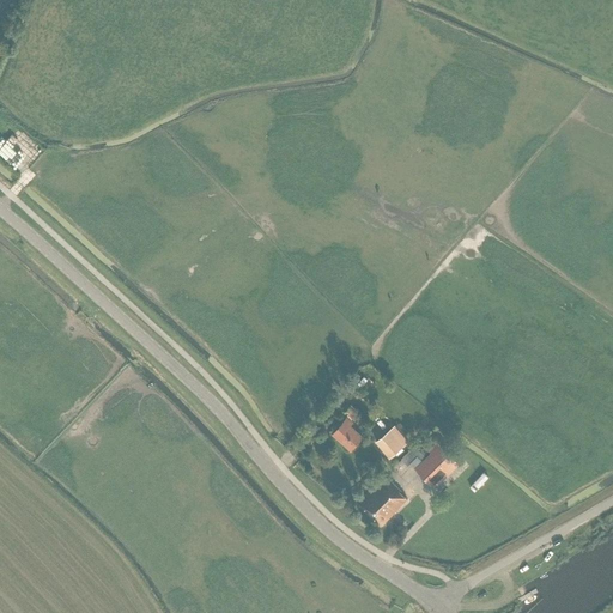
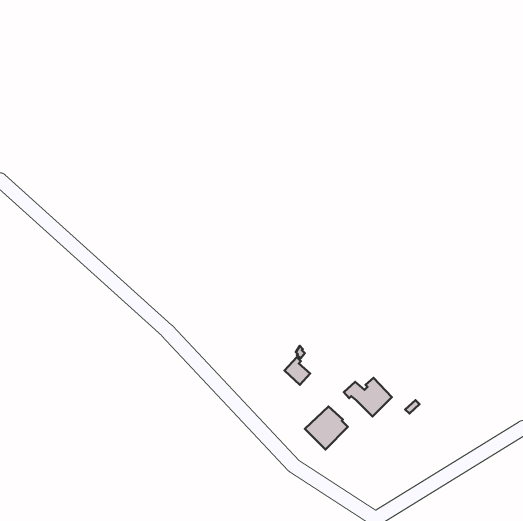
building: [376,425,408,460] -> none

